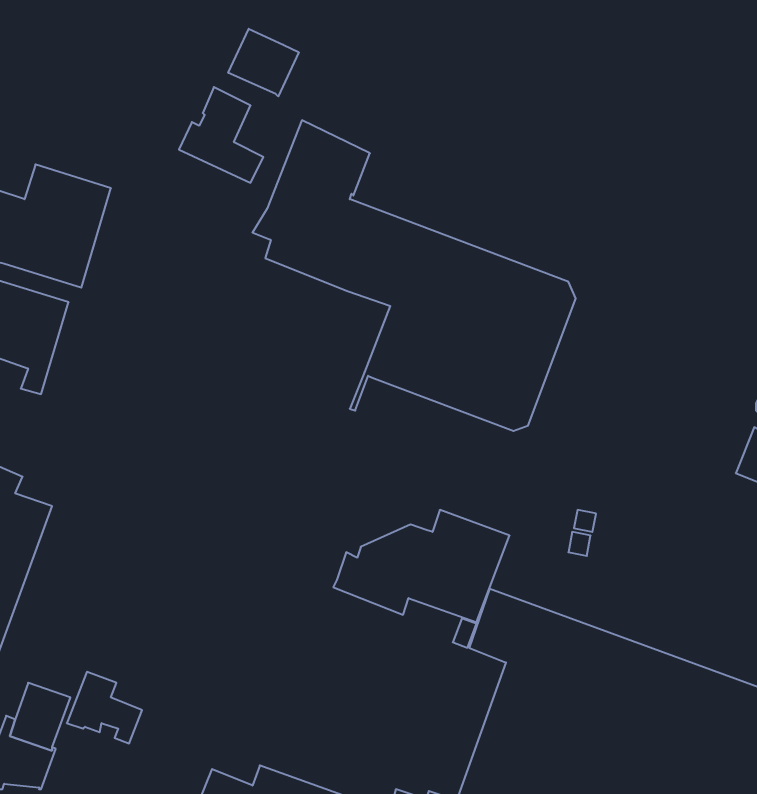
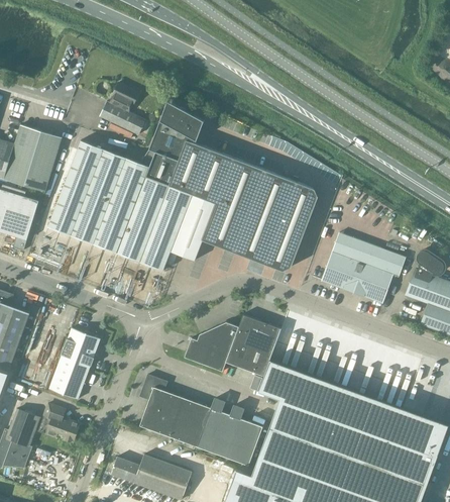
building: [228,29,299,96] -> none
building: none -> [47,140,215,271]
building: none -> [321,233,406,304]
building: none -> [49,328,100,399]
building: none -> [139,375,262,467]

